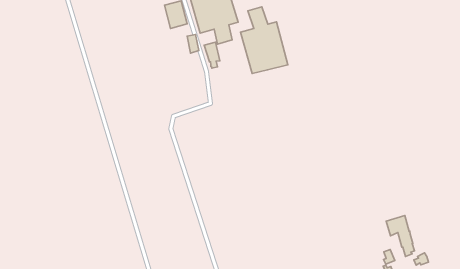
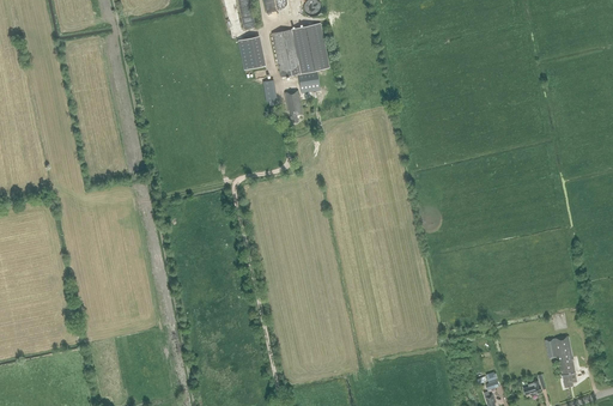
building: [241,7,288,73] -> none
building: [386,216,415,256] -> [545,337,577,388]

